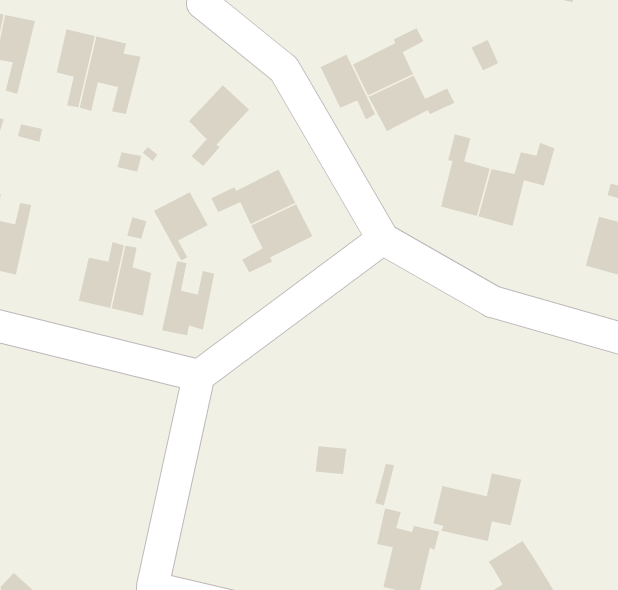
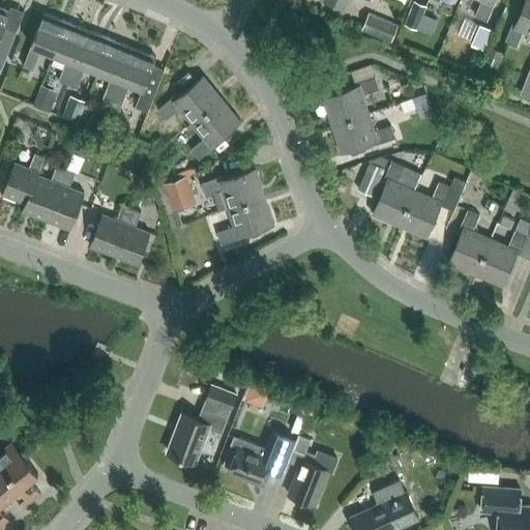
building: none -> [67,32,111,89]
building: [319,53,376,120] -> none
building: none -> [158,78,223,124]
building: none -> [357,158,388,197]
building: none -> [448,211,491,276]
building: none -> [47,170,84,231]
building: [161,261,215,336] -> none
building: none -> [168,386,236,464]
building: [432,473,522,542] -> [223,434,295,485]

